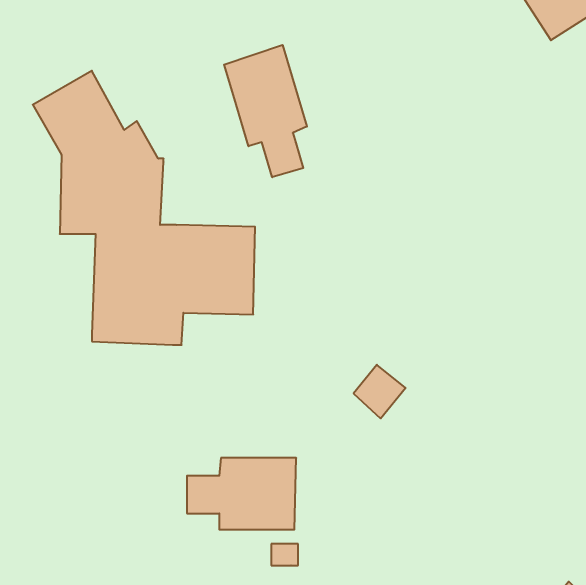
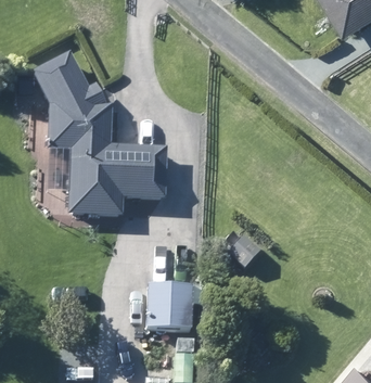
building: [224,45,307,177] -> none

